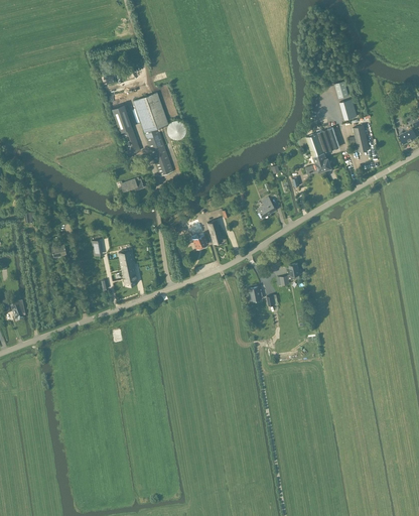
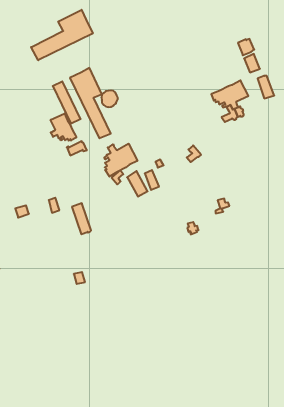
building: none -> [31,10,93,60]
building: none -> [51,113,76,141]
building: none -> [104,144,137,177]

